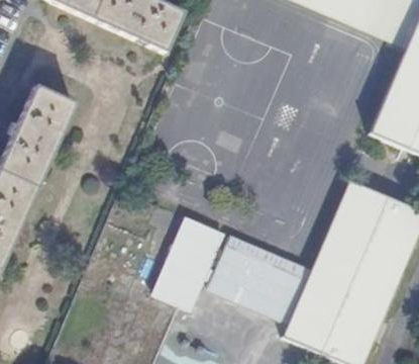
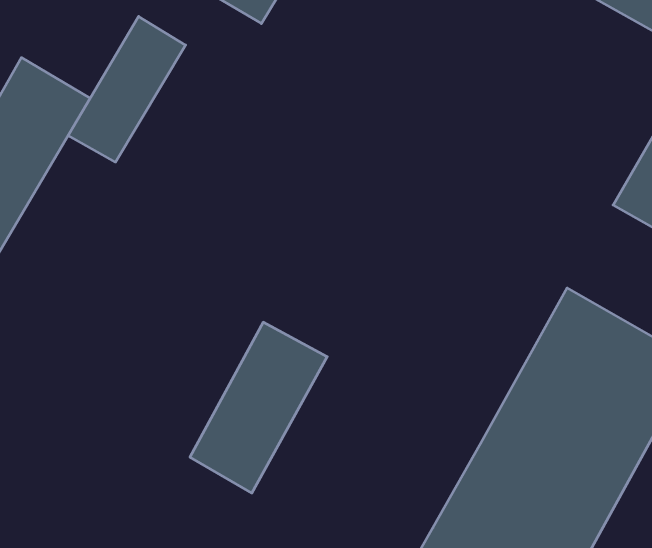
building: none -> [68,16,186,162]
building: [209,236,312,320] -> none

